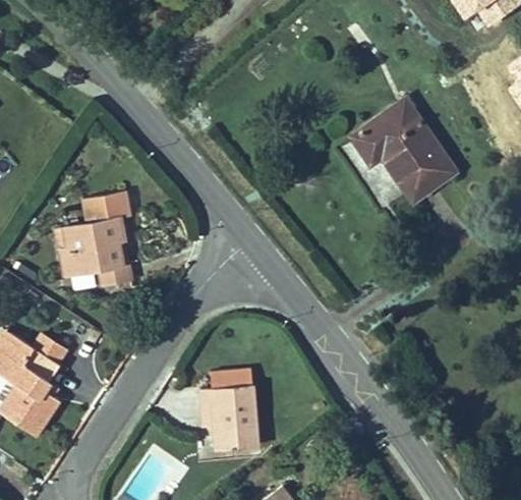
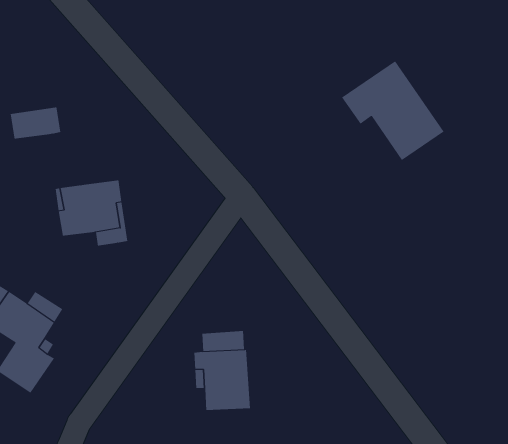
building: [81,191,133,224] -> [10,107,61,139]

